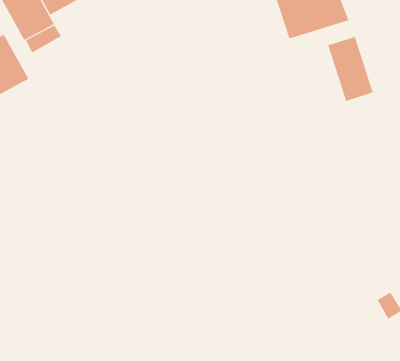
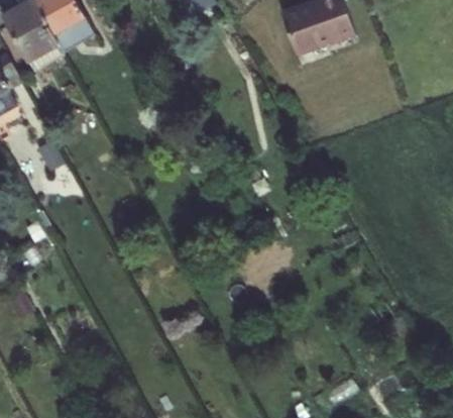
building: [328,36,374,102] -> none

